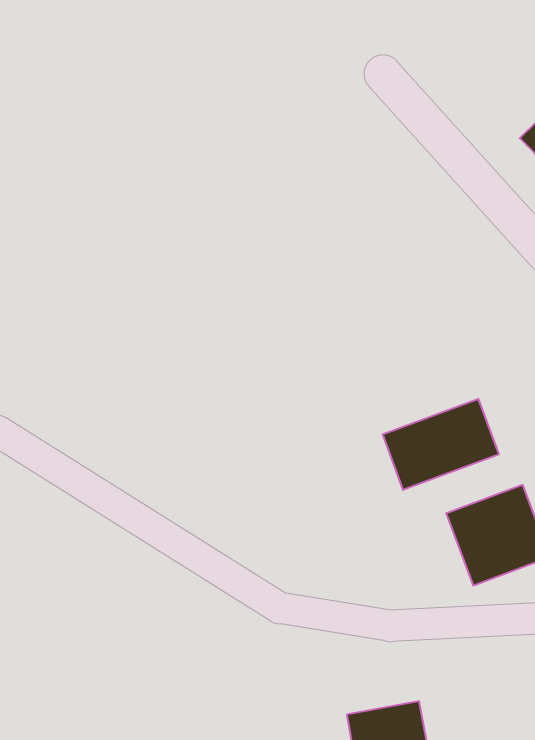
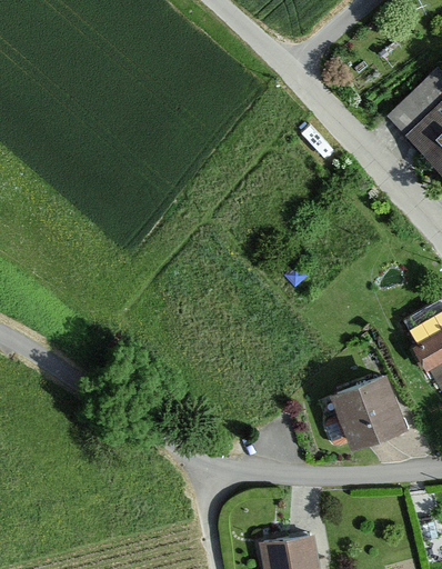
building: [383,399,499,490] -> none

